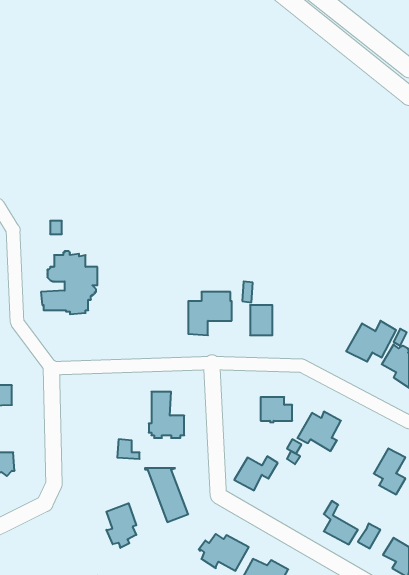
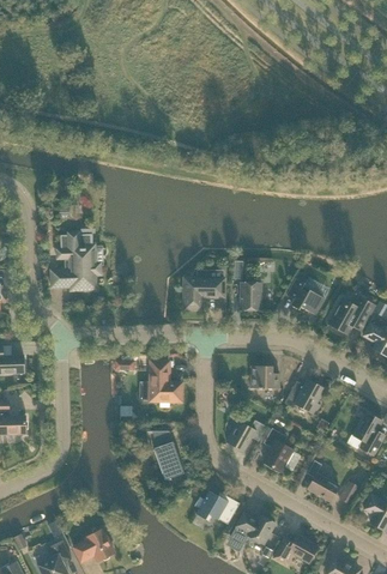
building: none -> [288,279,323,315]
building: none -> [264,429,294,472]
building: [106,503,136,548] -> none

